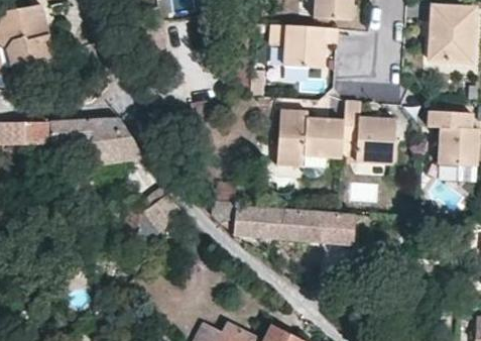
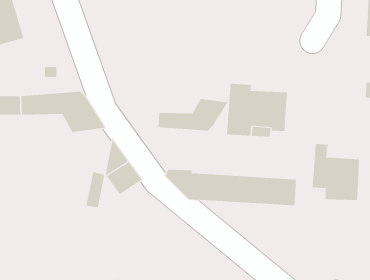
building: [282,21,338,66] -> none
building: [342,100,394,162] -> [312,144,360,200]
building: none -> [158,98,229,131]

